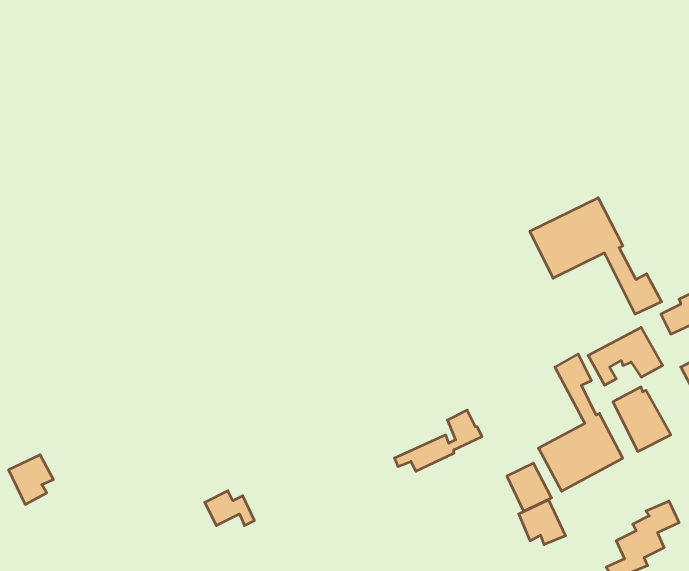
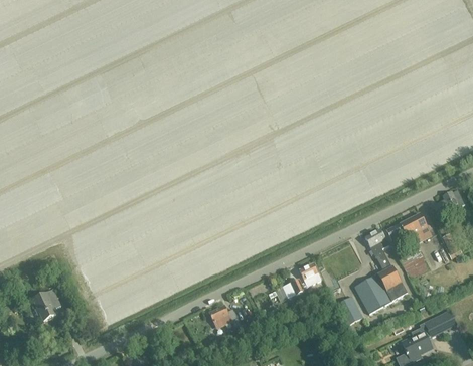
building: [530,198,662,314] -> none
building: [205,491,254,526] -> [209,305,240,326]
building: [519,500,566,545] -> none

